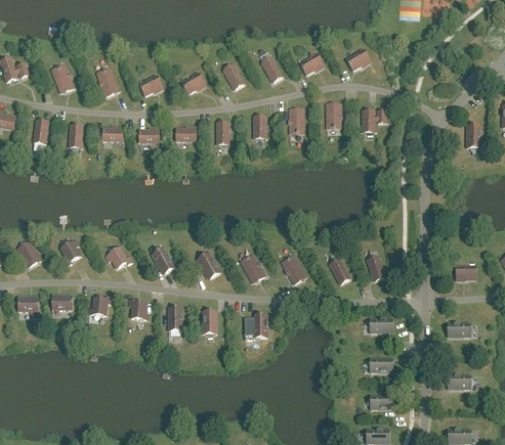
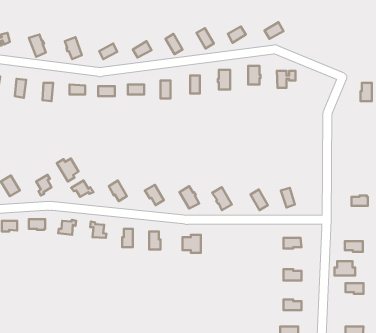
building: none -> [57,158,79,182]
building: none -> [334,261,355,275]

